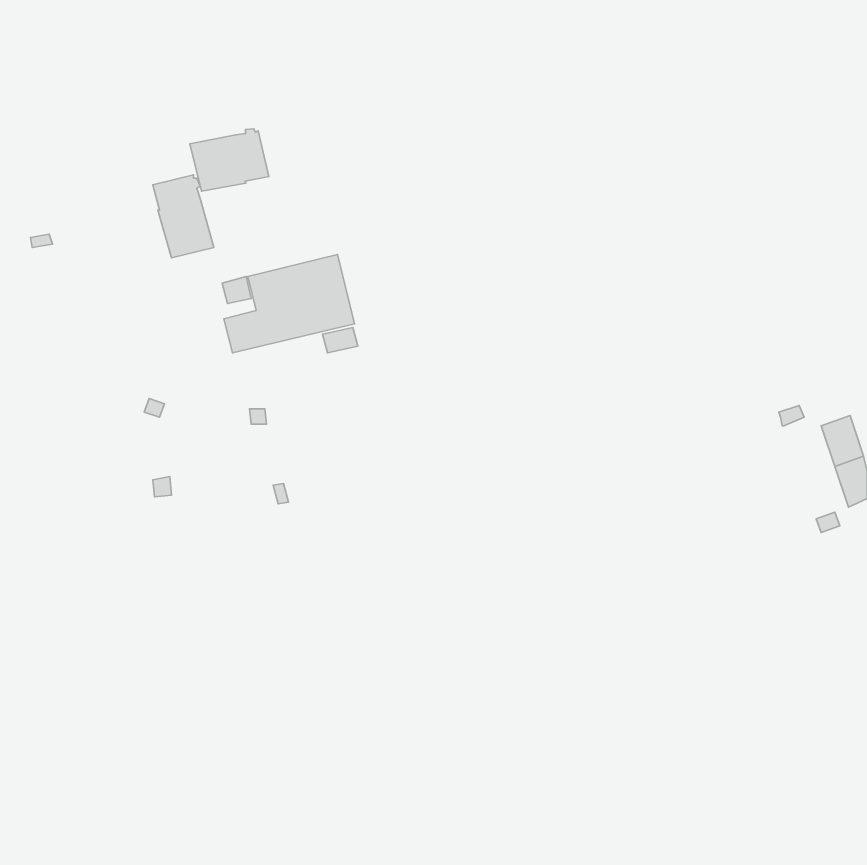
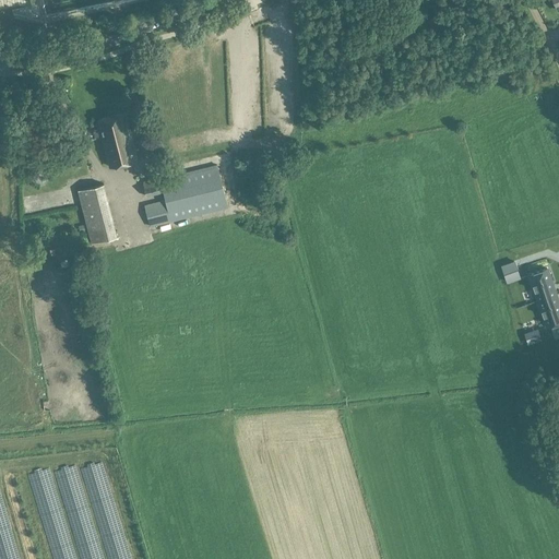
building: [190,129,269,191] -> none
building: none -> [78,185,118,245]

